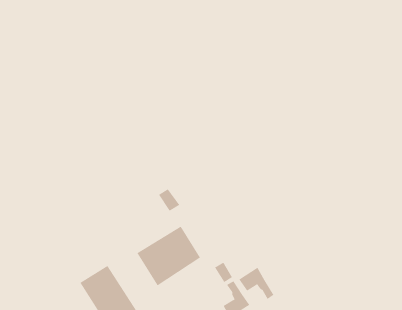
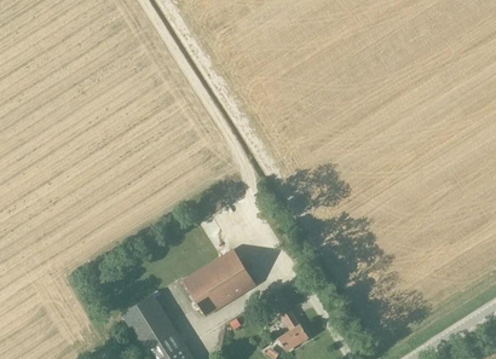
building: [238,267,274,300] -> none

